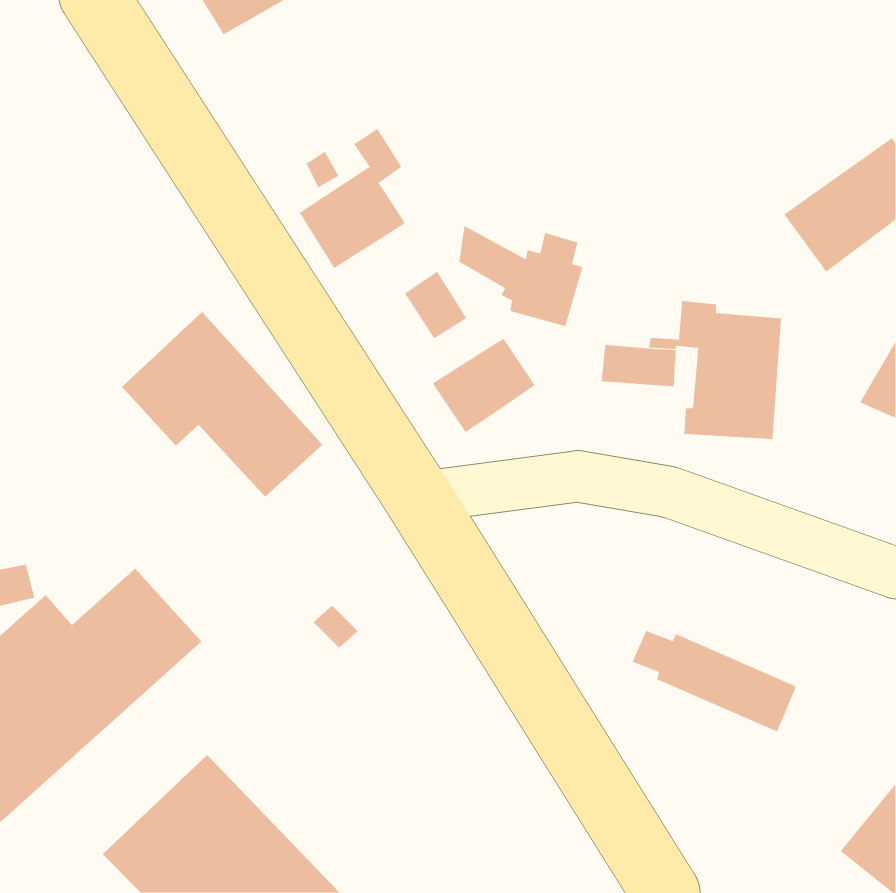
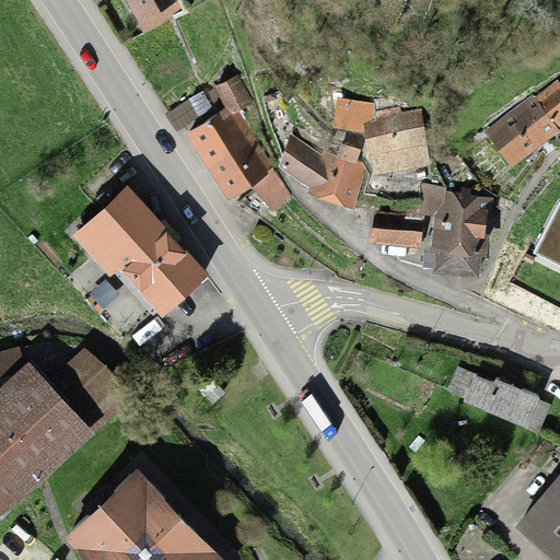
building: none -> [334,98,430,180]
building: [432,338,536,433] -> [208,139,272,198]
building: [632,630,797,732] -> [450,372,552,435]

